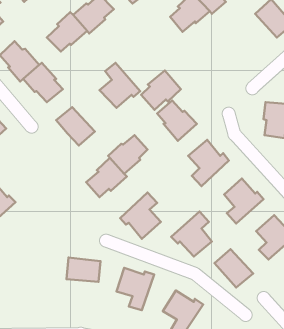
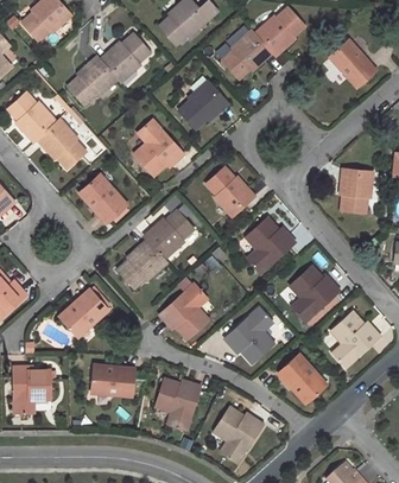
building: [141,70,181,110] -> [178,80,228,129]
building: none -> [59,288,108,336]
building: none -> [13,366,51,412]

